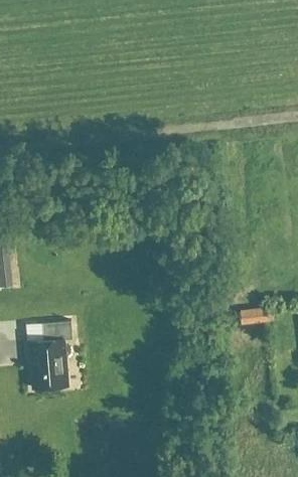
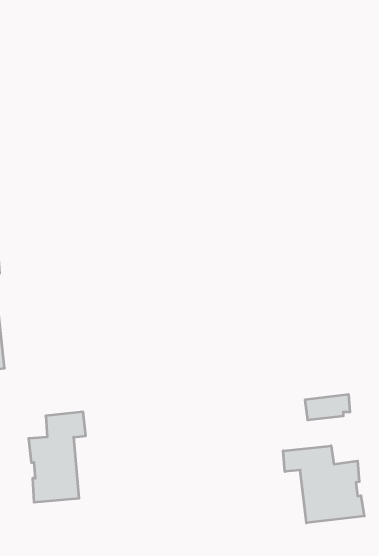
building: none -> [283,446,364,523]

